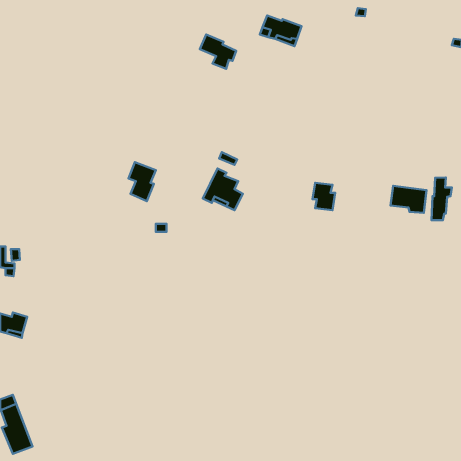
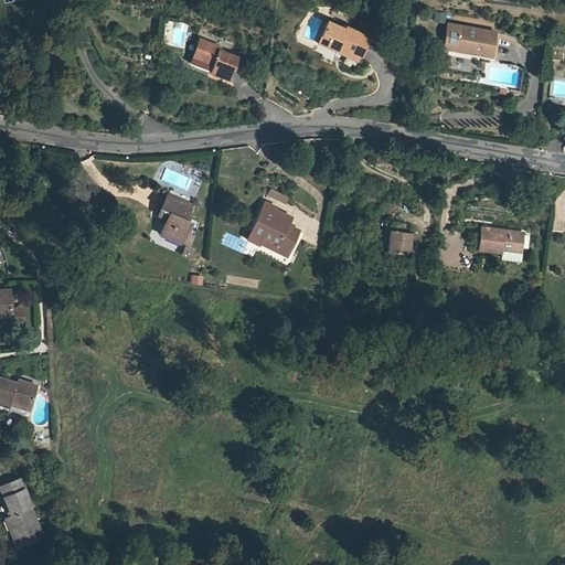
building: none -> [451,21,492,53]
building: [200,35,236,69] -> [193,39,237,81]
building: [431,177,452,220] -> none

